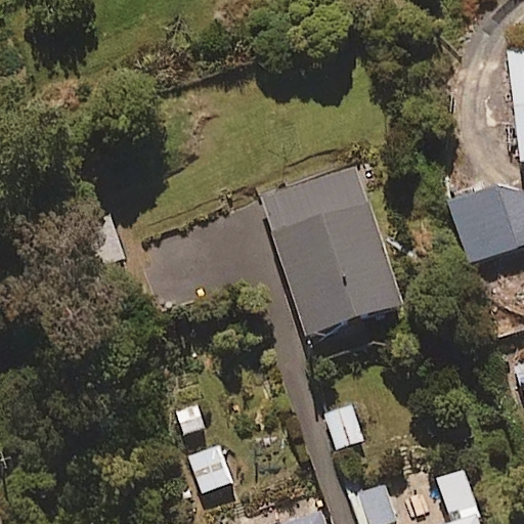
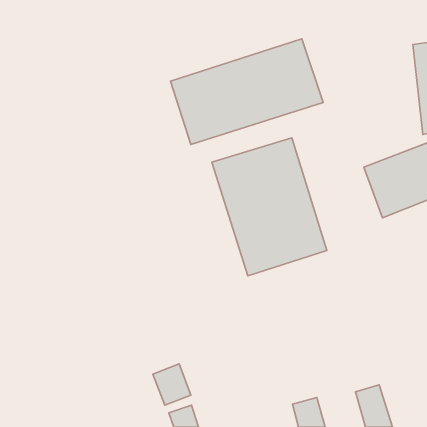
building: none -> [171,39,323,145]

